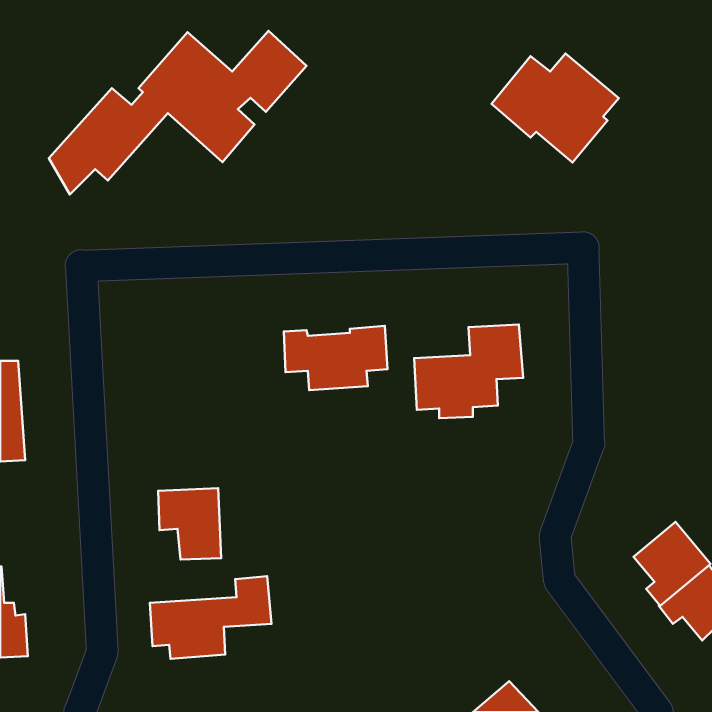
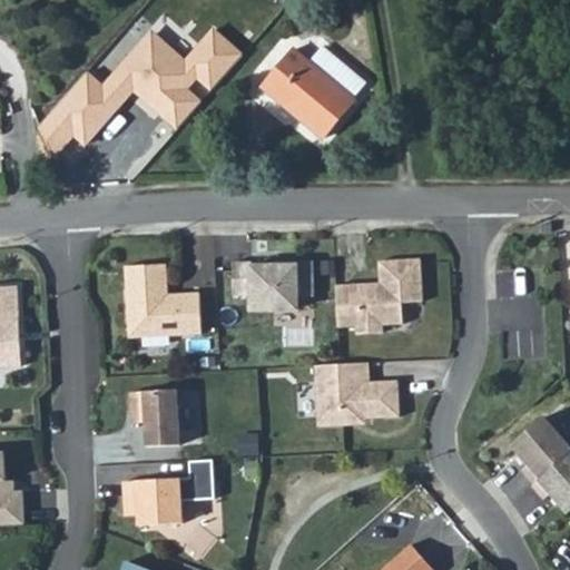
building: [491,53,619,163] -> [266,46,367,132]
building: none -> [121,264,199,338]
building: none -> [313,363,399,424]

